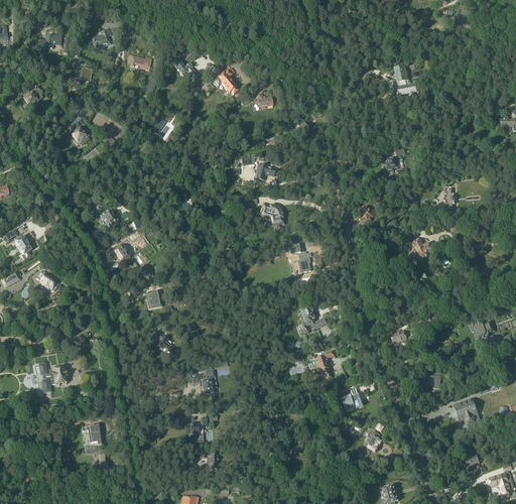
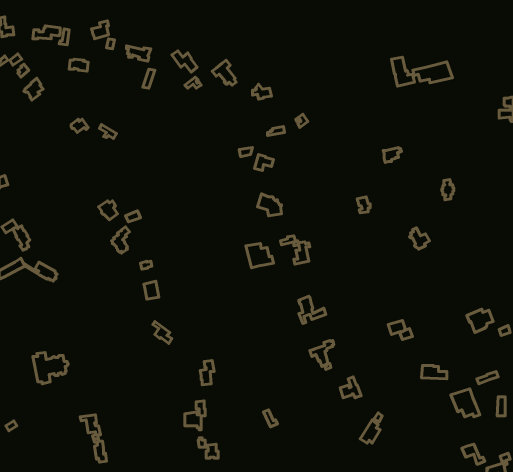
building: none -> [413,62,452,83]
building: none -> [246,243,273,268]

